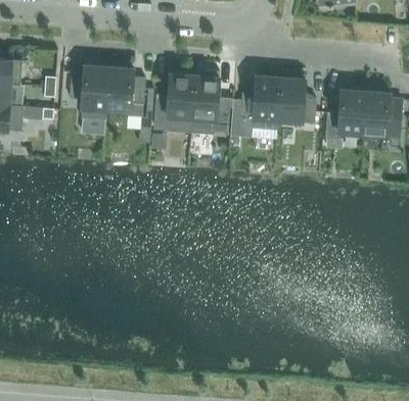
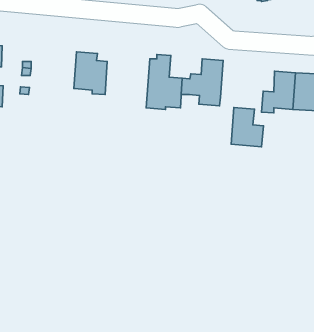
building: [70,66,108,121] -> none
building: [153,74,194,134] -> none
building: [277,79,315,124] -> [231,107,263,147]

